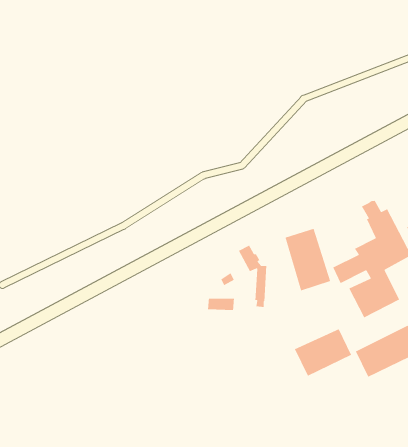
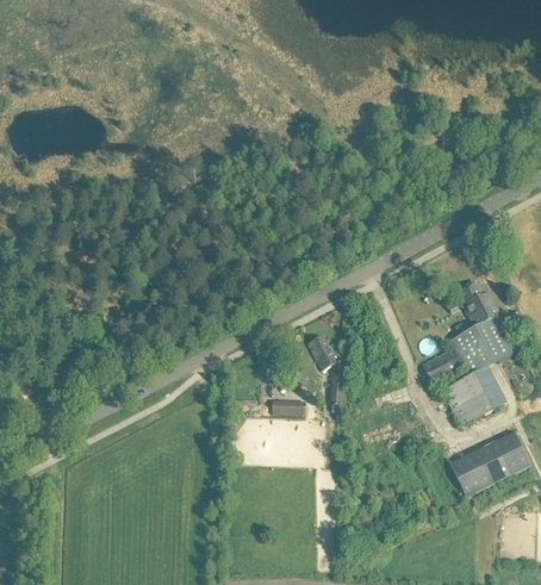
building: [284,228,331,291] -> none
building: [294,328,352,377] -> none

